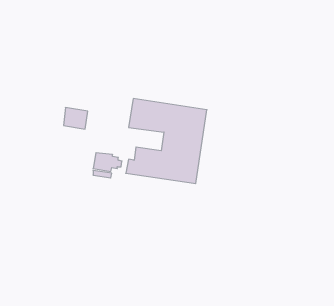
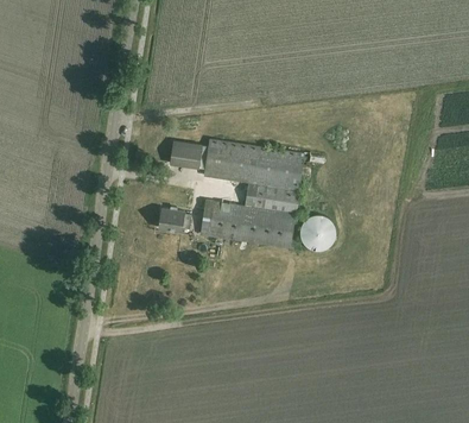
building: [64,108,88,129] -> [170,140,201,168]
building: none -> [299,215,335,250]

